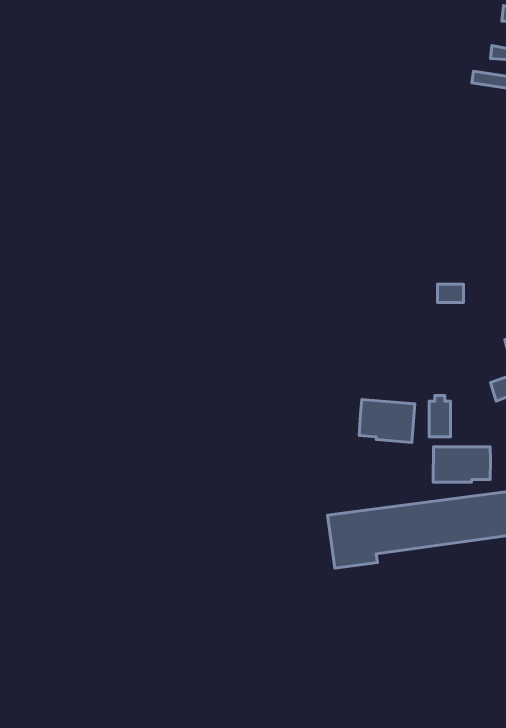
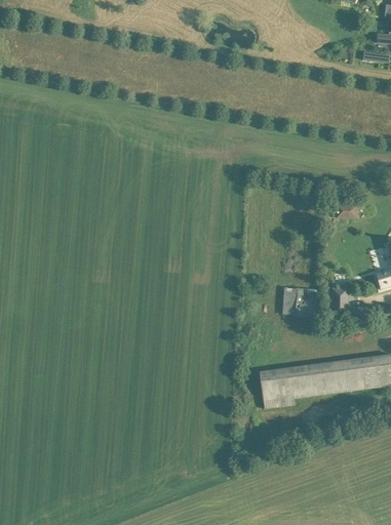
building: [433,447,490,482] -> none

